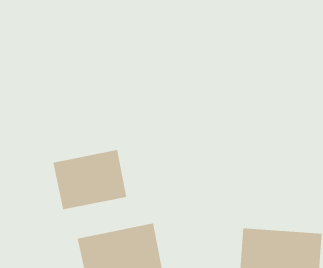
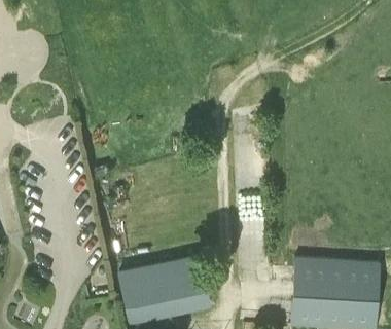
building: [53,149,127,210] -> none

